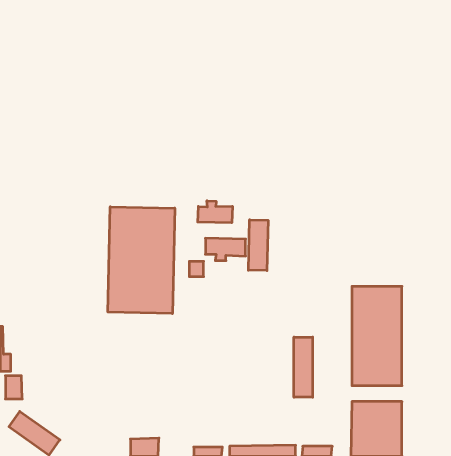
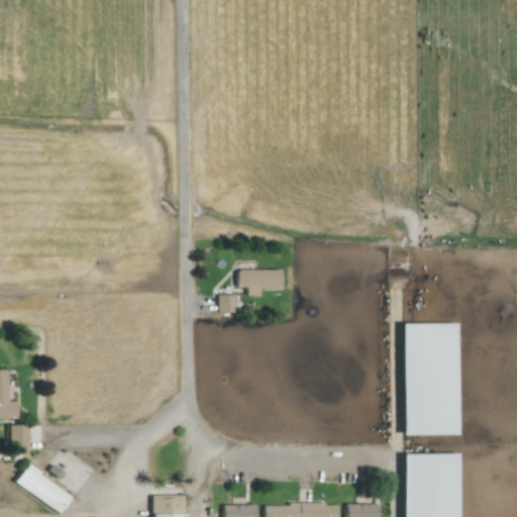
building: [198,201,232,223] -> none
building: [108,207,175,314] -> none
building: [248,220,268,271] -> none
building: [294,337,313,397] -> none

